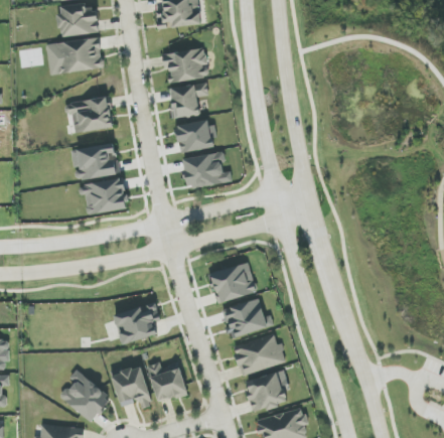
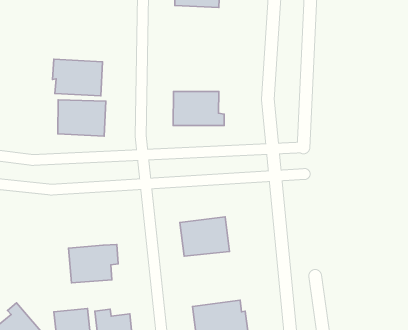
building: [169,83,208,119] -> none
building: [68,96,113,134] -> none
building: [176,120,216,153] -> none
building: [223,299,267,337] -> none

